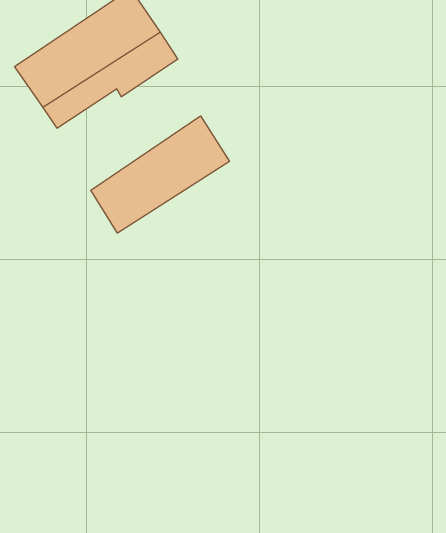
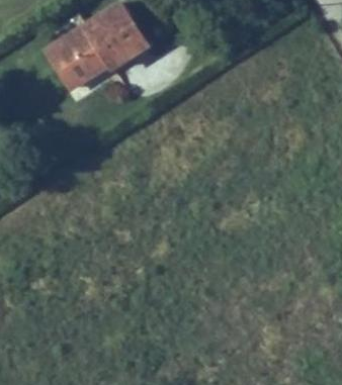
building: [91,116,229,233] -> none

